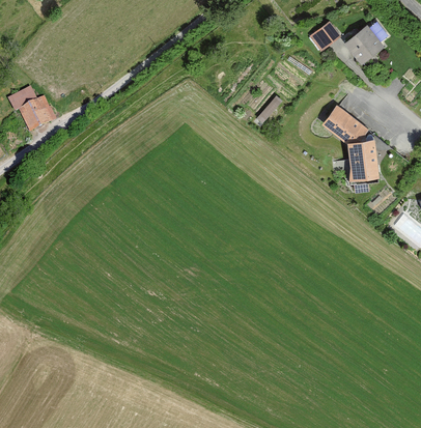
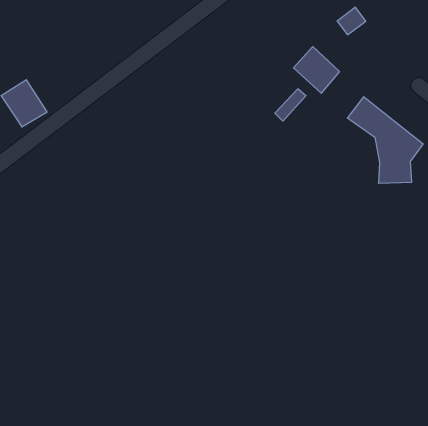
building: [347,26,382,59] -> none
building: none -> [293,47,339,93]

